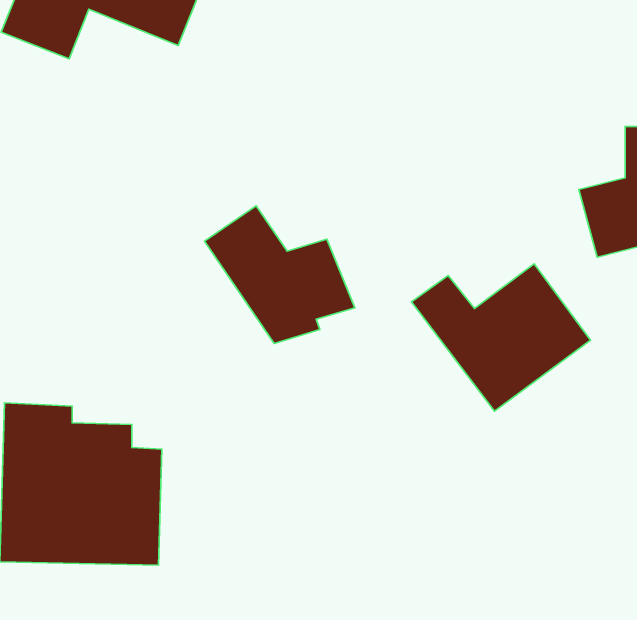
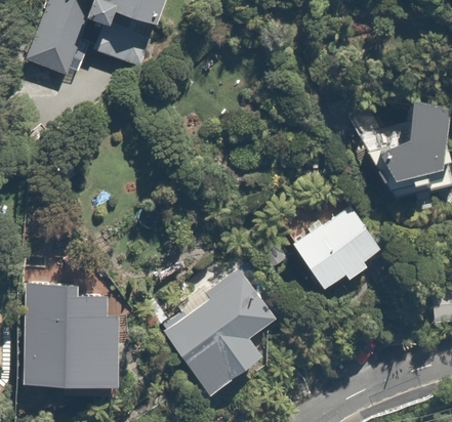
building: [205,206,355,343] -> none
building: none -> [162,275,273,379]

